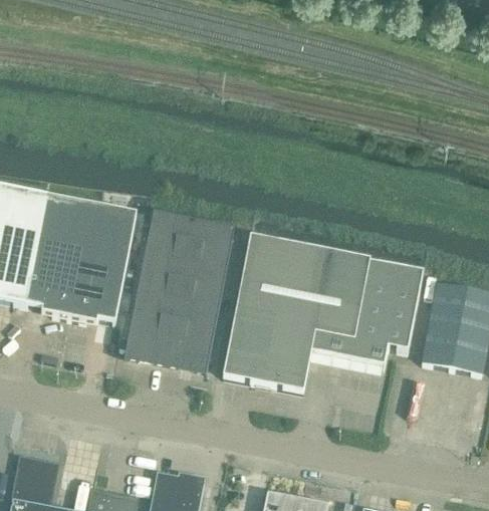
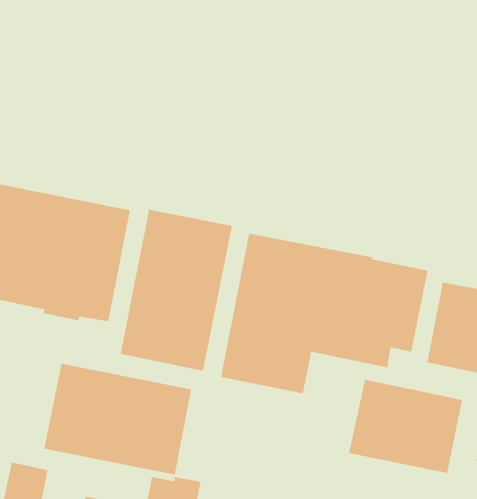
building: none -> [43,363,193,476]
building: none -> [348,379,463,474]

